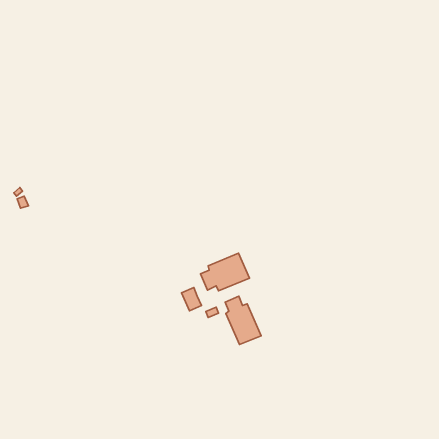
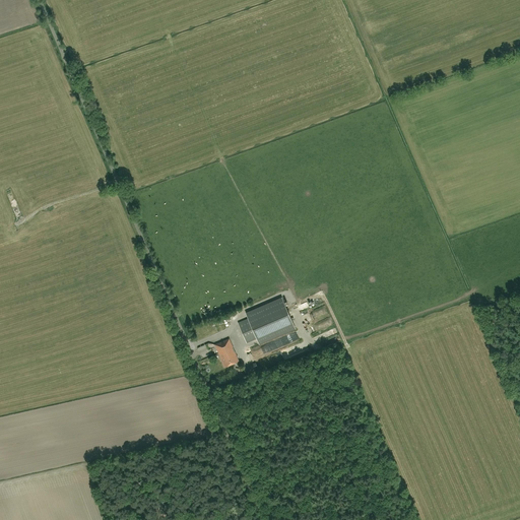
building: [225,296,261,345] -> none

